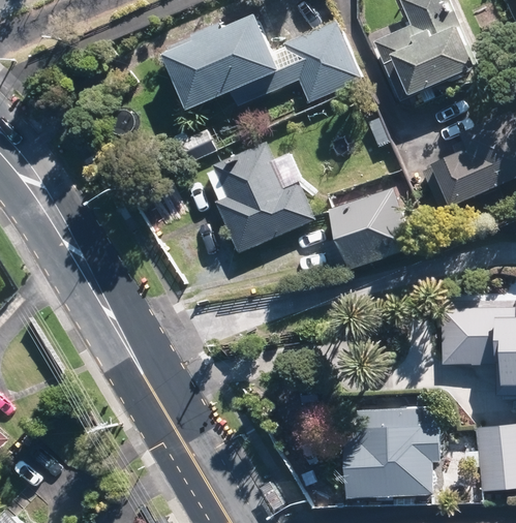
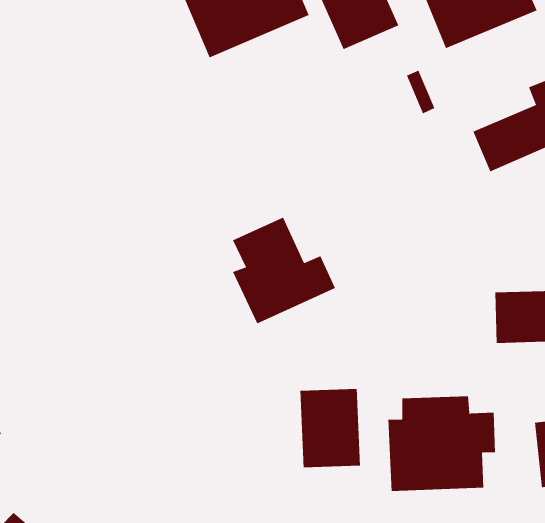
building: [218,153,310,248] -> [232,217,336,324]
building: [327,191,411,265] -> none
building: none -> [300,388,360,468]

